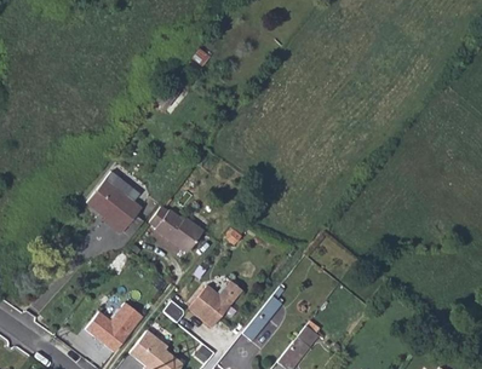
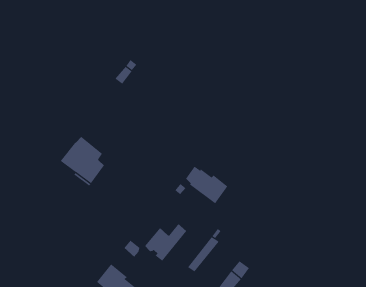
building: [151,206,205,253] -> [185,166,228,204]
building: [82,302,140,353] -> none

